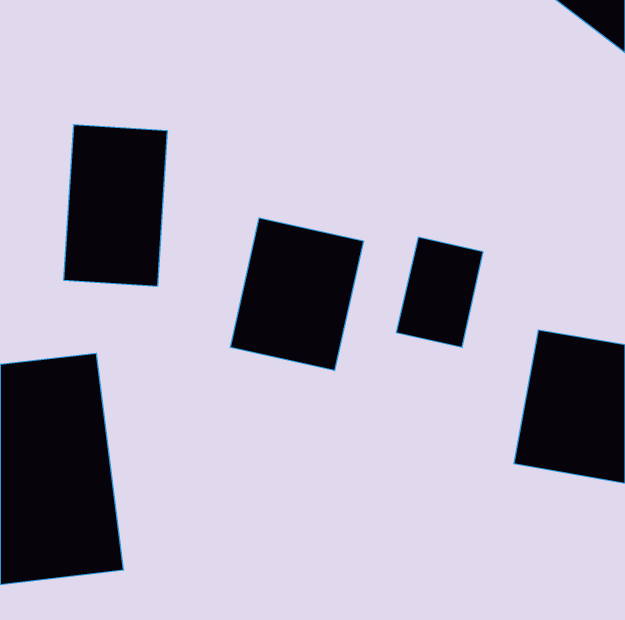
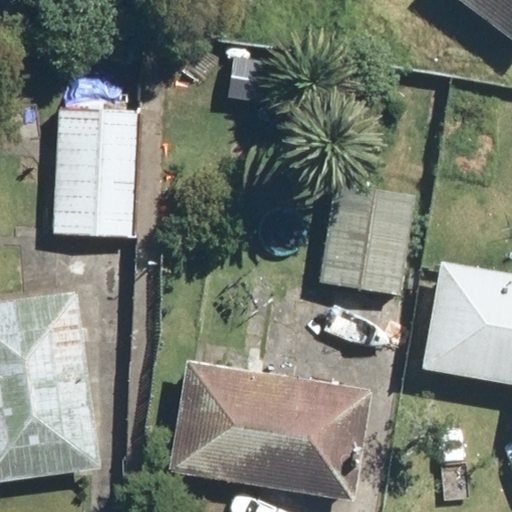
building: [230,218,363,371] -> none
building: none -> [181,371,354,492]

